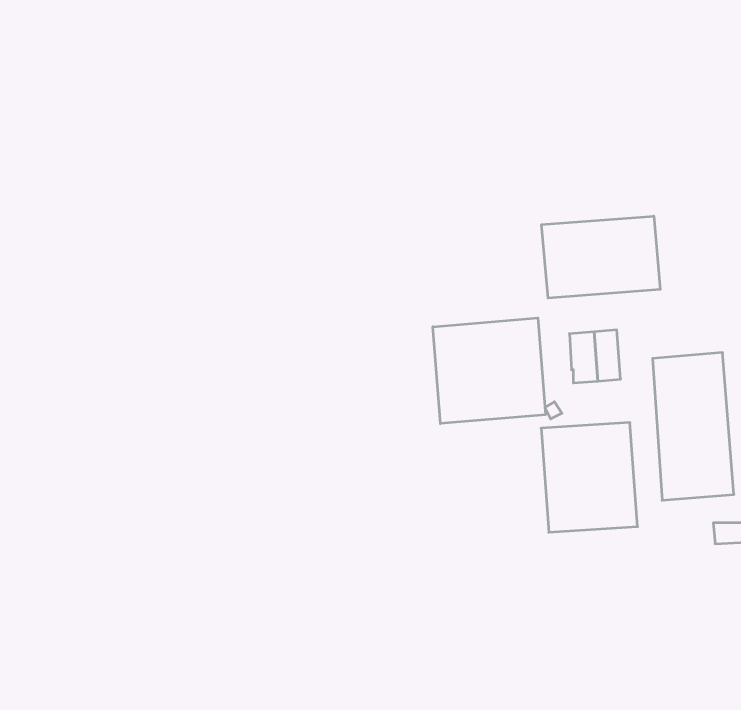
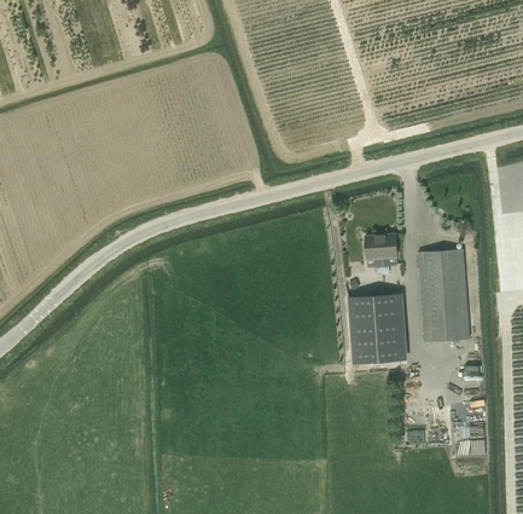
building: [542,216,660,298] -> none
building: [433,318,545,424] -> none

